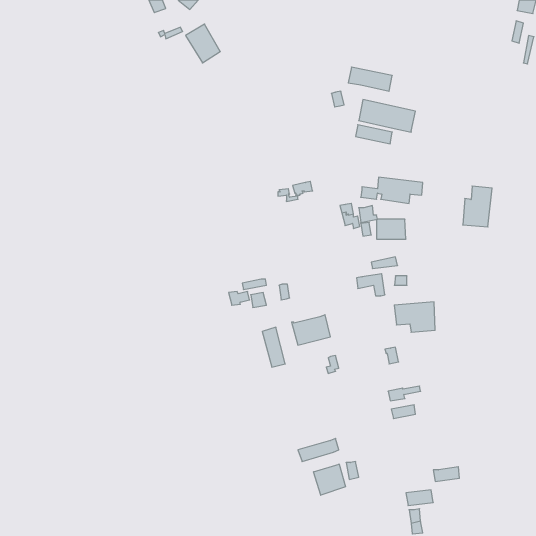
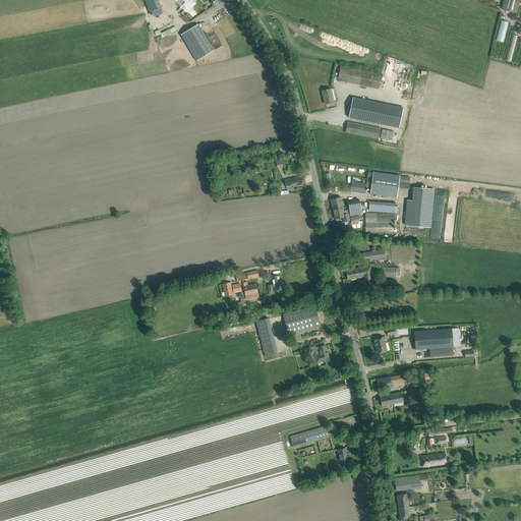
building: [463,186,492,227] -> [405,187,433,227]
building: [394,302,435,332] -> [413,328,453,357]
building: [314,464,346,495] -> none

